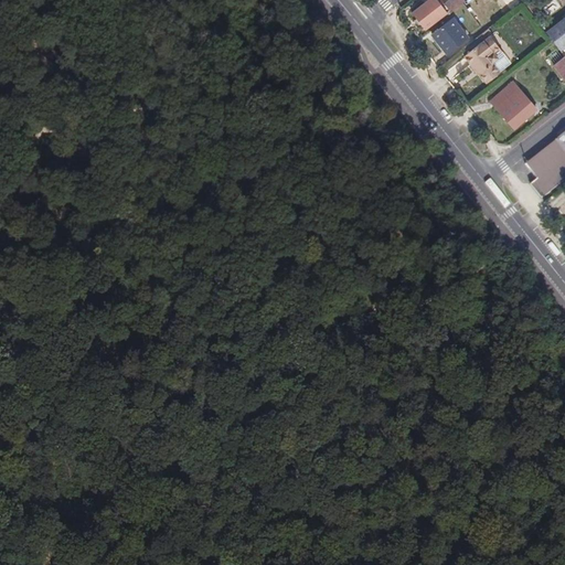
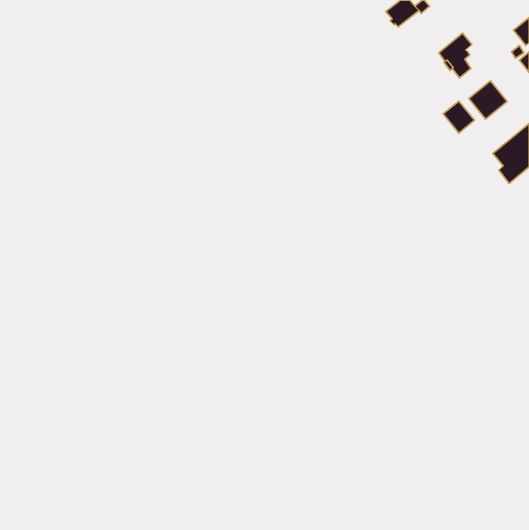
building: [434,17,470,53] -> none
building: none -> [443,101,474,133]

